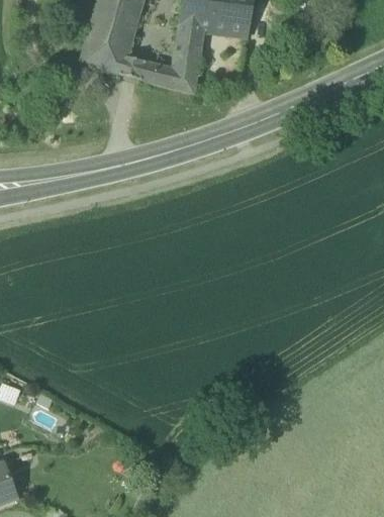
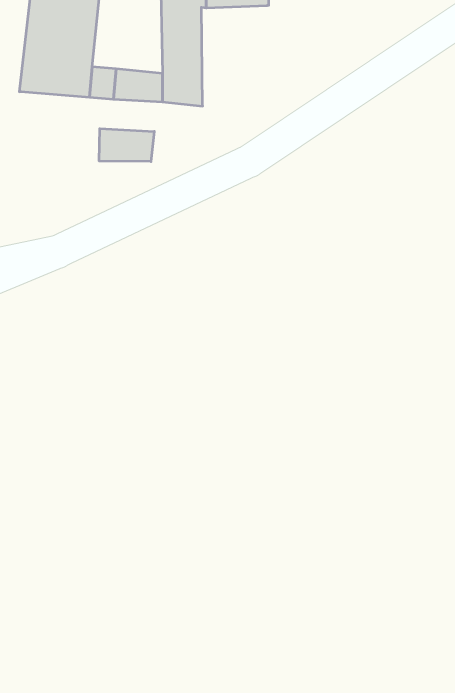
building: none -> [99,129,154,162]

